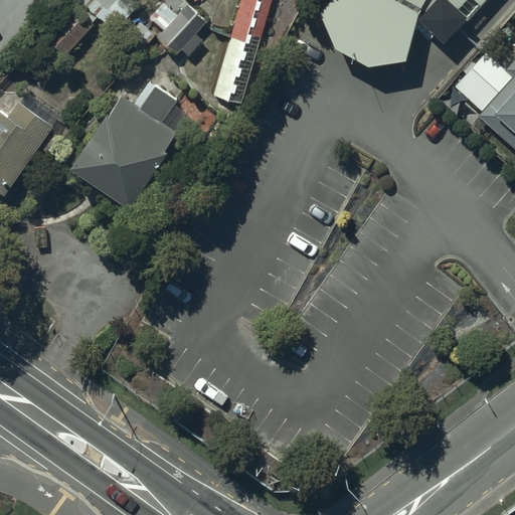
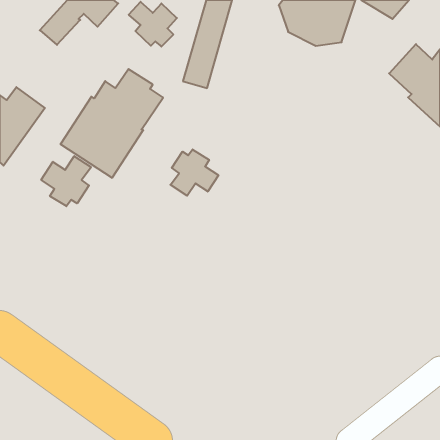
building: none -> [170,149,218,196]
building: none -> [41,156,91,206]

